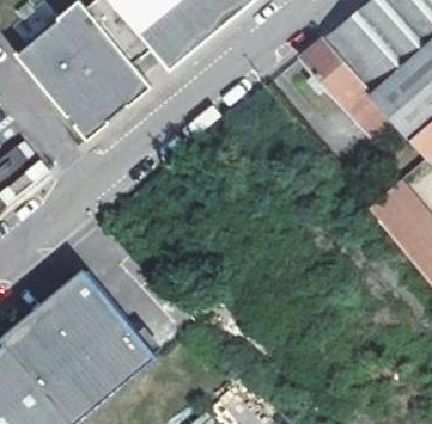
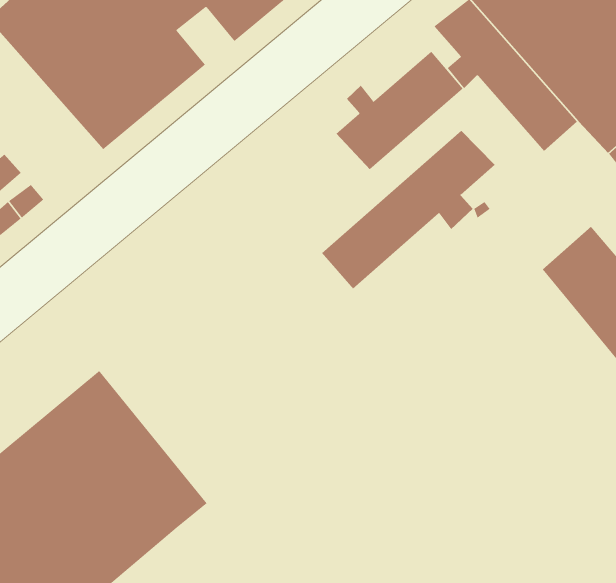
building: none -> [336,51,464,170]
building: none -> [321,130,495,289]

